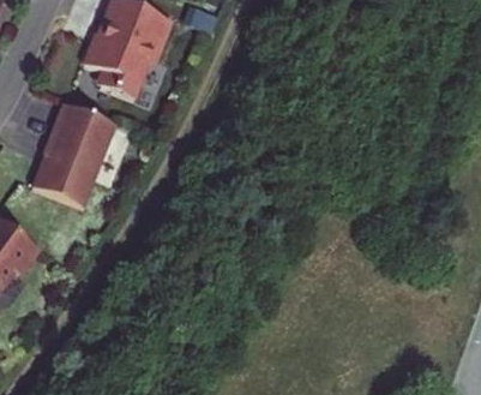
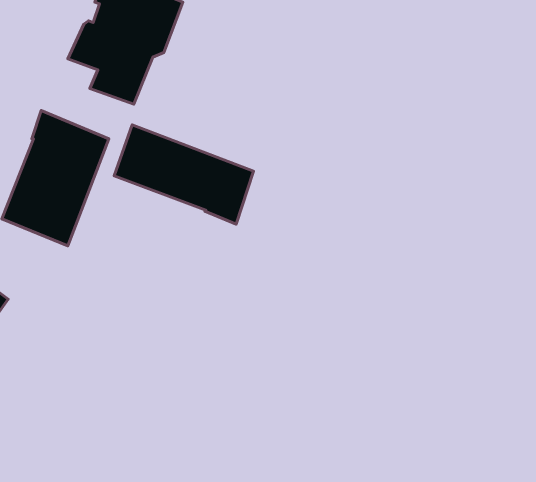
building: none -> [114,125,254,224]

